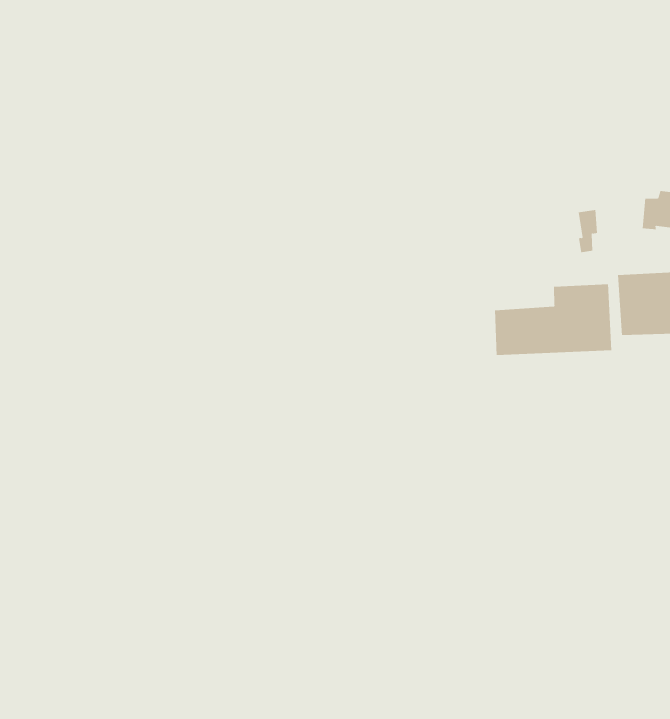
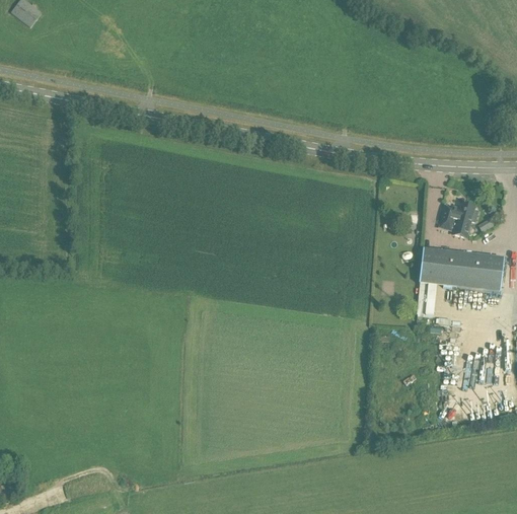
building: [495,283,612,356] -> none

